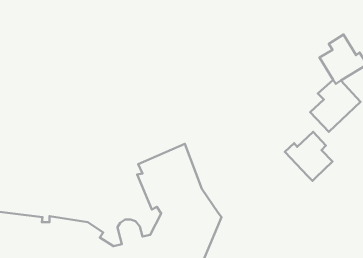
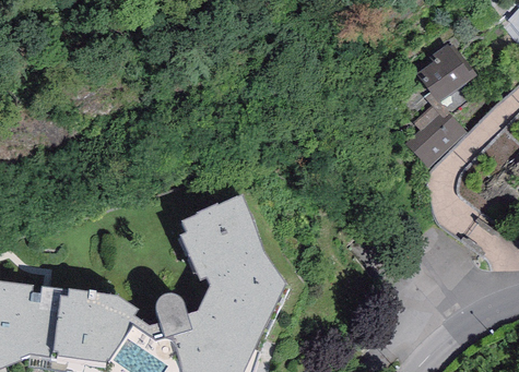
building: [285,132,333,181] -> none

